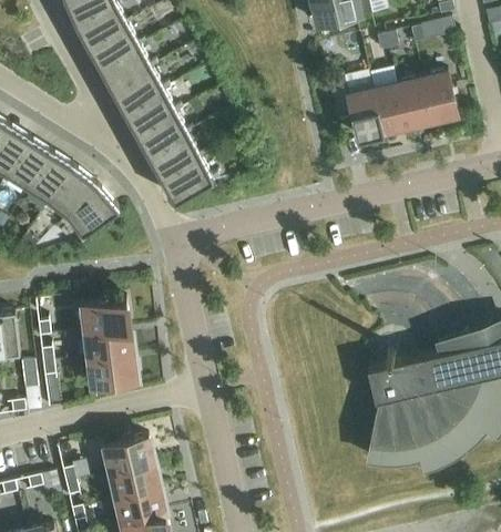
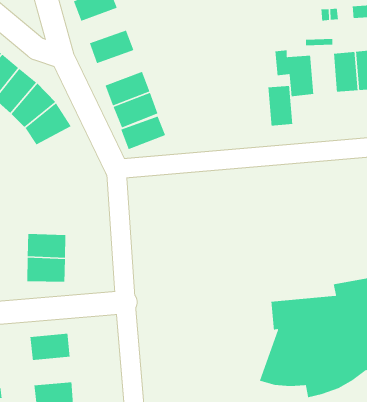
building: [112,70,164,113] -> none
building: [372,85,407,134] -> [267,85,293,126]
building: [136,114,188,157] -> [120,116,166,150]
building: [83,301,130,334] -> none
building: [112,464,160,501] -> none

